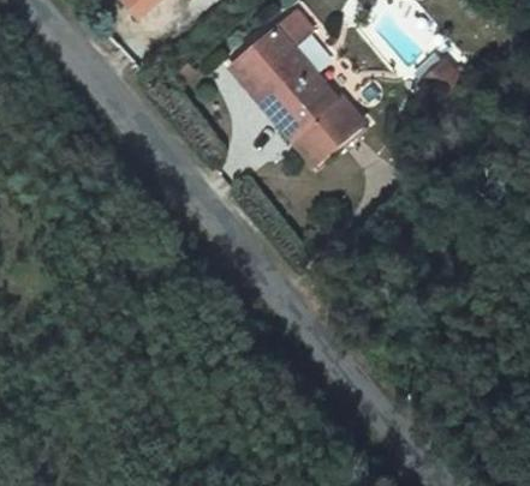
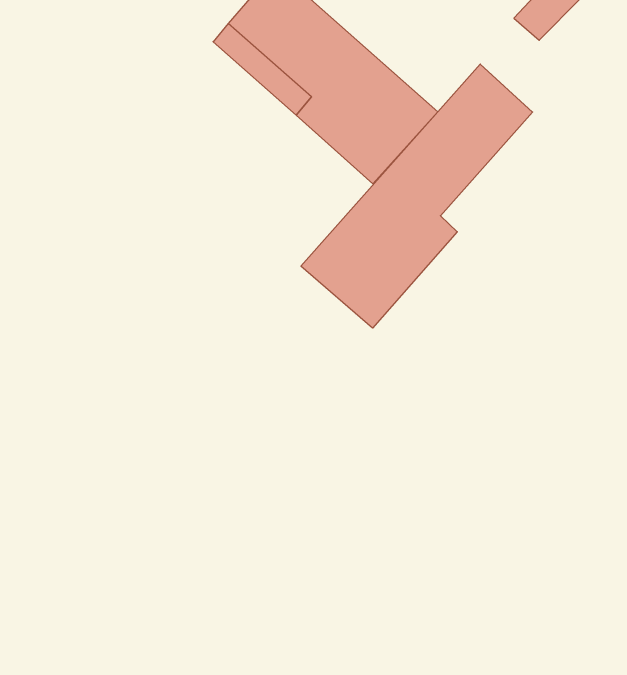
building: none -> [301,64,533,328]

